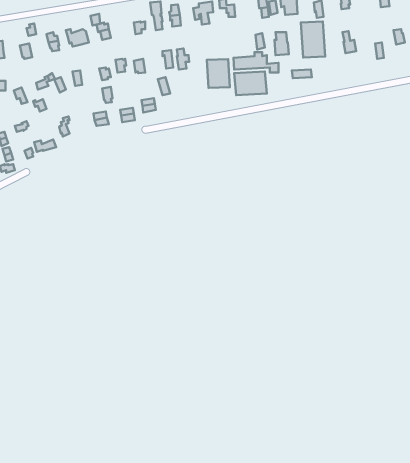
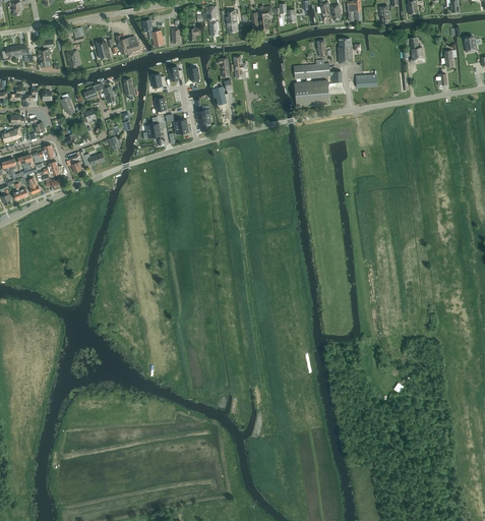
building: [301,21,325,58] -> none
building: [207,59,230,88] -> none

